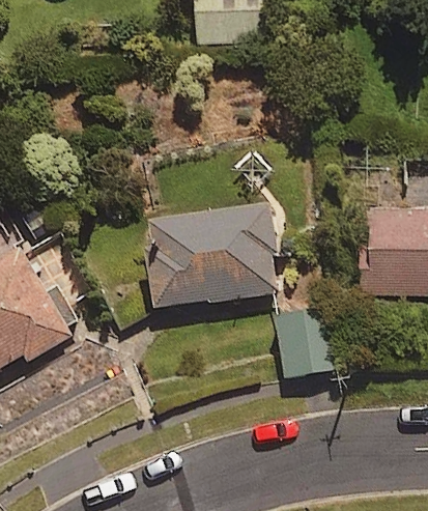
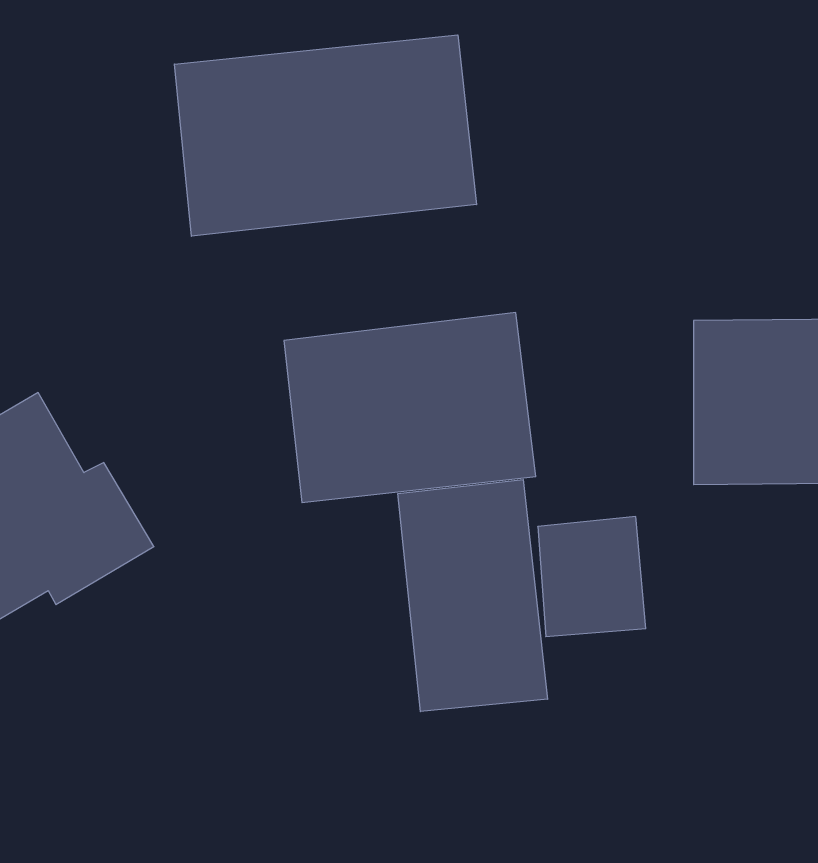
building: none -> [174,35,477,236]
building: none -> [398,480,548,712]

